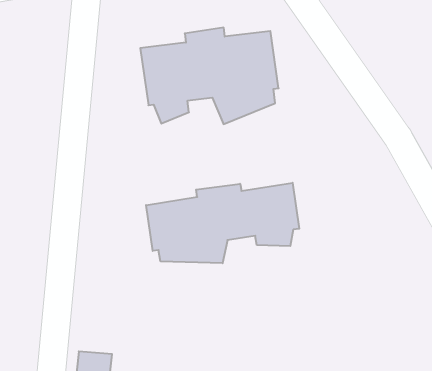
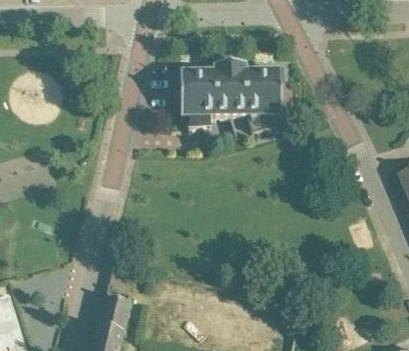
building: [146,183,299,263] -> none

